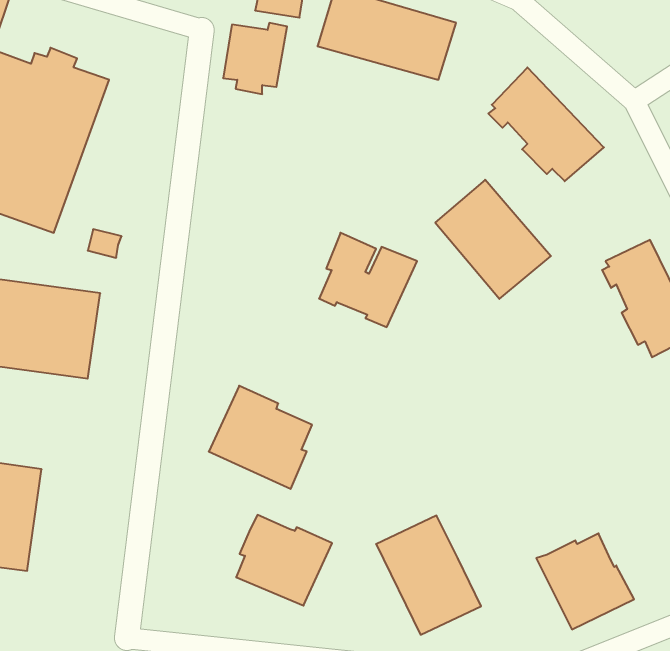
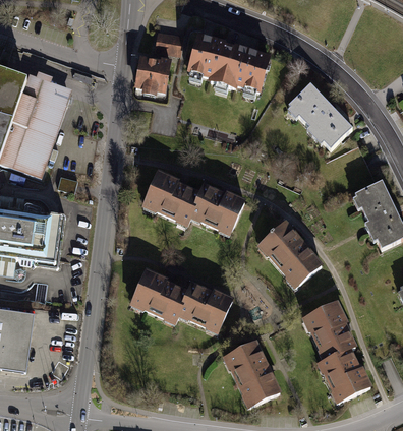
building: [435,180,551,299] -> [256,222,323,290]
building: none -> [141,166,198,224]
building: none -> [300,300,357,362]
building: [236,515,332,606] -> [179,280,234,331]

